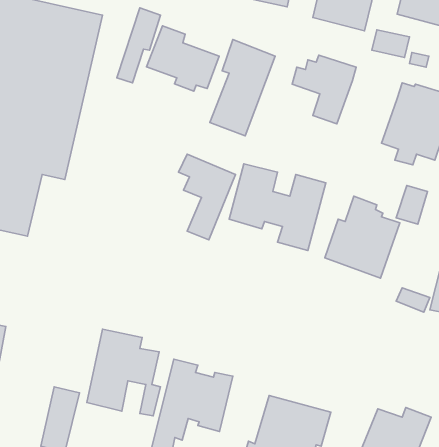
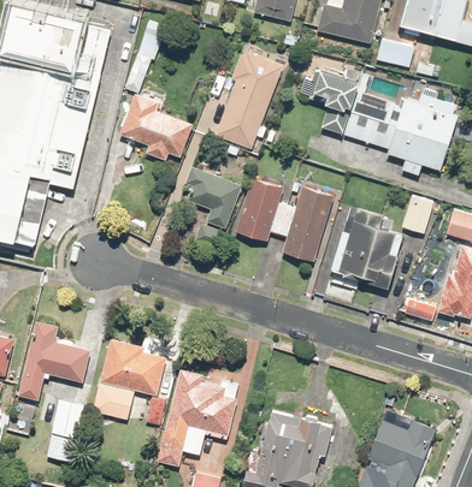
building: [147,26,219,91] -> [119,95,191,160]
building: none -> [342,91,402,150]
building: none -> [17,321,87,400]

